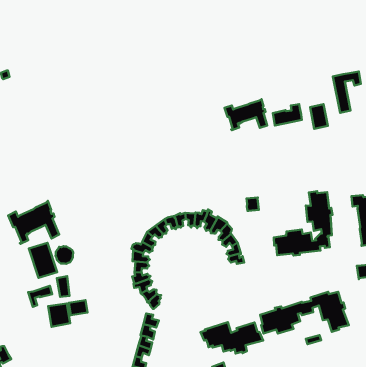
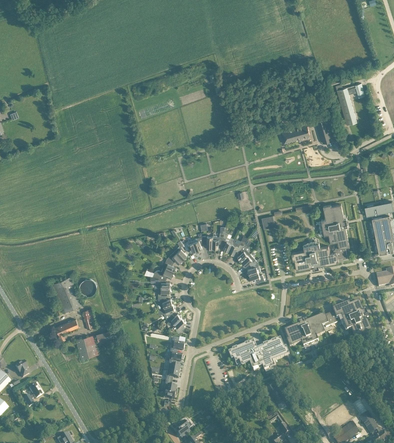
building: [224,99,267,130] -> none
building: [8,201,59,244] -> none

